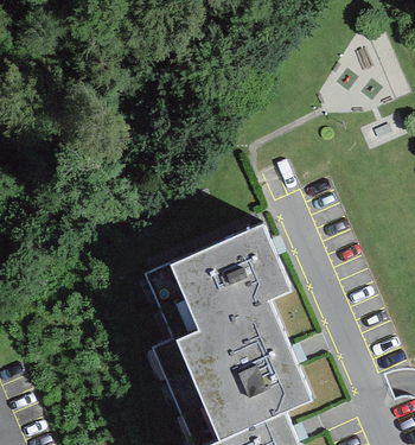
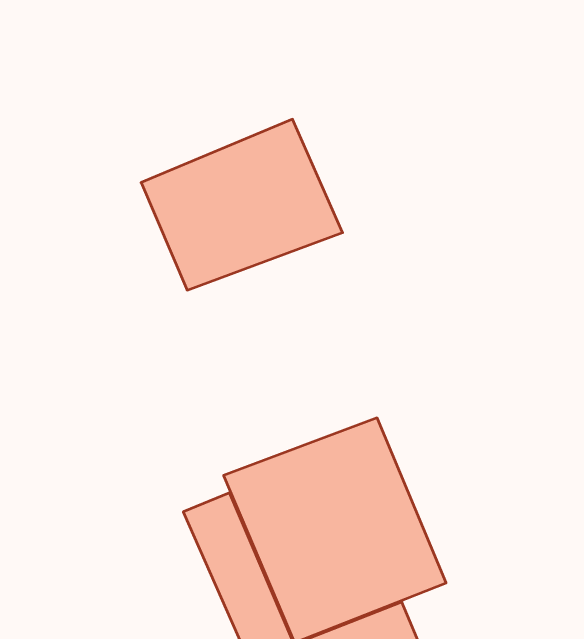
building: [167,221,292,326] -> [141,119,343,290]

